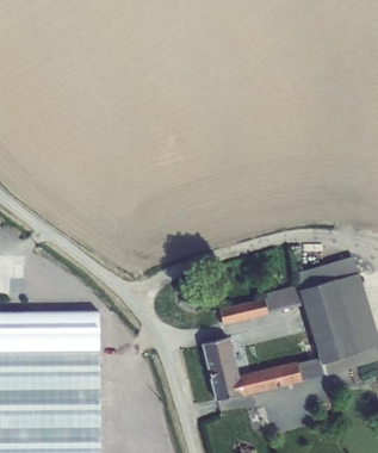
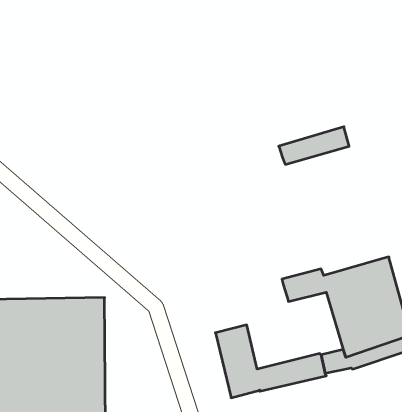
building: [293,255,358,290] -> [279,127,349,164]
building: [218,298,267,324] -> none

